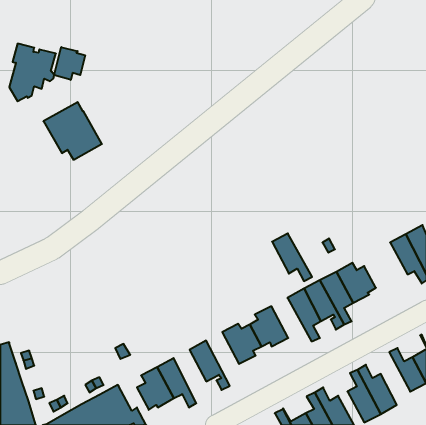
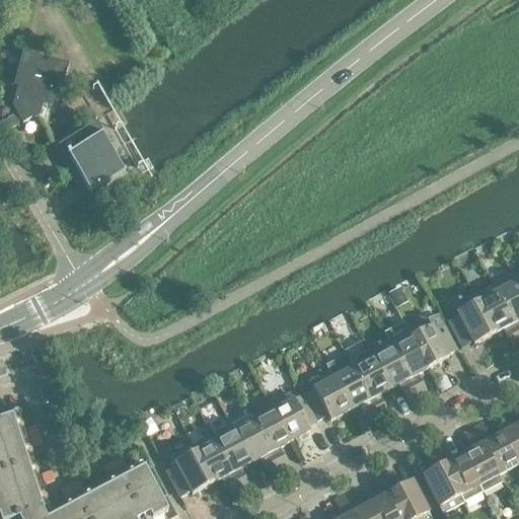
building: [54,47,85,80] -> none
building: [272,233,312,281] -> [330,361,379,419]
building: none -> [449,294,496,347]
building: none -> [251,402,291,467]
building: none -> [212,424,251,489]
building: none -> [463,427,502,491]

